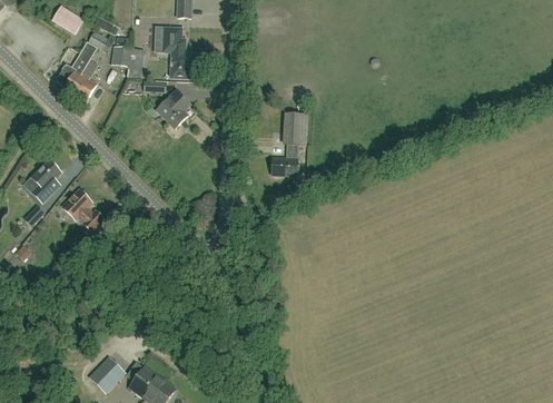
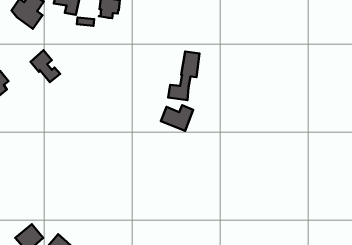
building: [157,90,189,128] -> none
building: none -> [161,105,193,131]
building: [63,190,103,232] -> [30,50,60,82]

